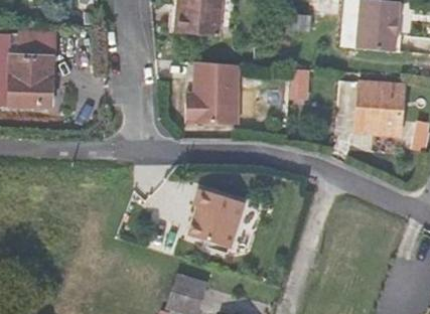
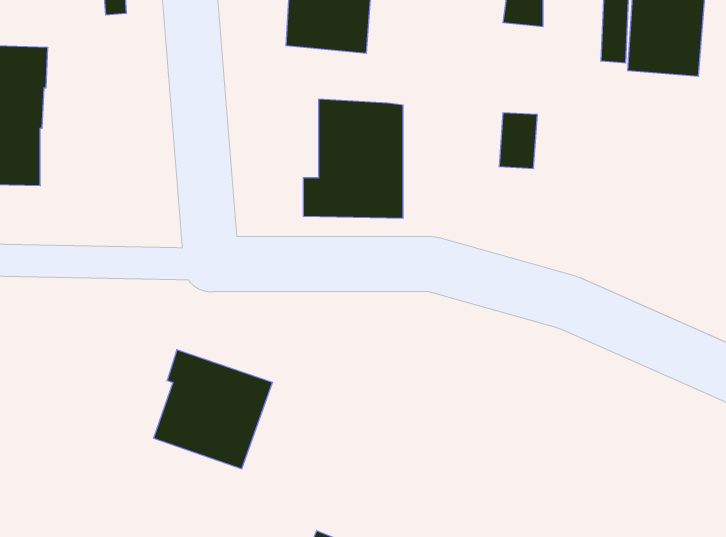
building: [354,80,403,132] -> none
building: [180,188,243,251] -> [154,350,273,469]

